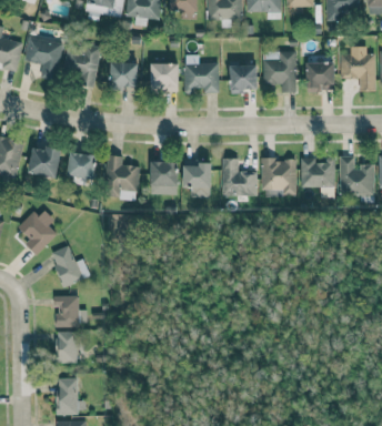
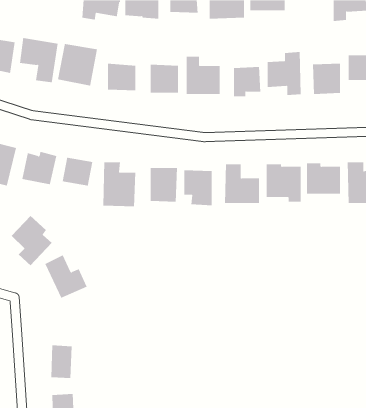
building: [54,295,87,326] -> none

